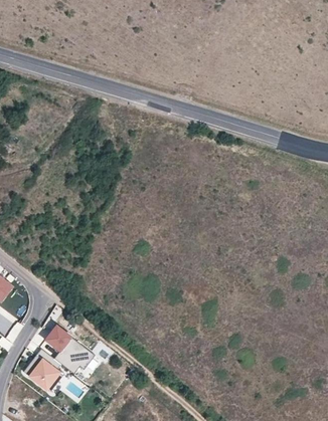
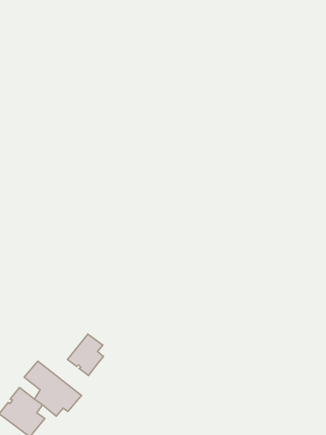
building: none -> [67,334,104,375]

